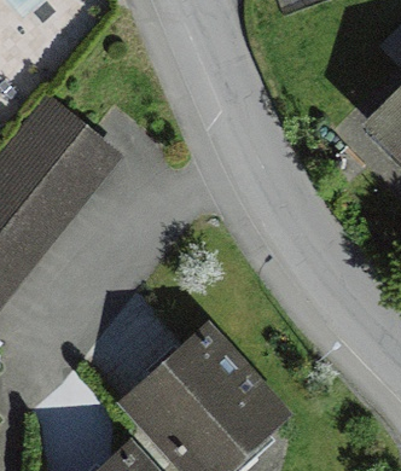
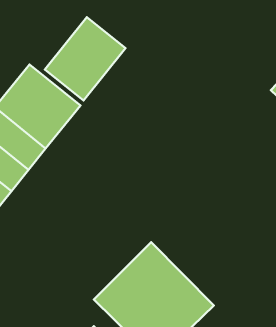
building: none -> [45,17,125,101]

